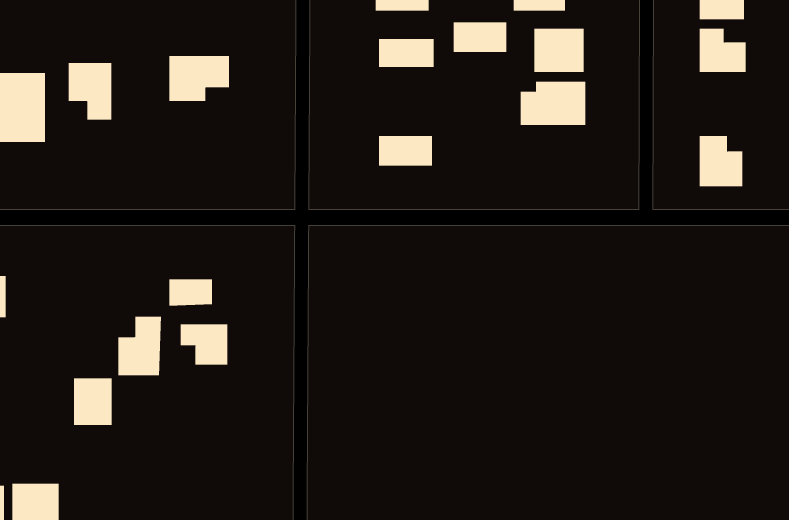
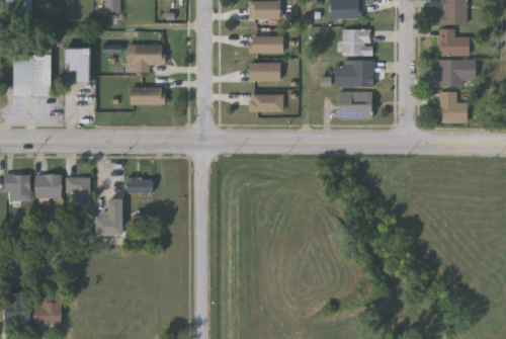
building: [453,22,507,53] -> [248,62,280,80]
building: none -> [439,60,476,85]
building: none -> [129,88,163,106]
building: none -> [337,91,372,118]
building: none -> [33,175,60,199]
building: [180,324,228,366] -> none
building: [73,378,113,426] -> [66,178,89,206]

